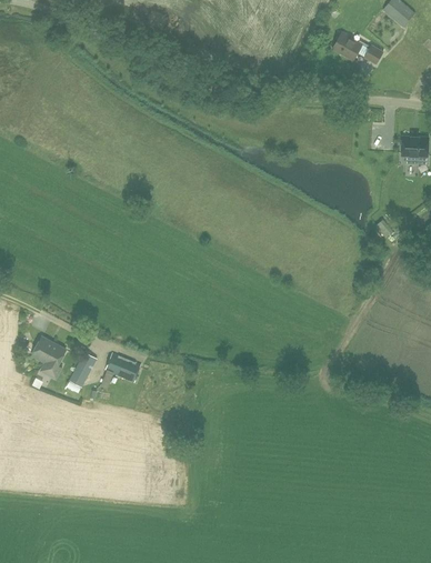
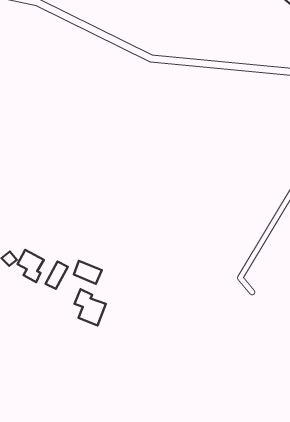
building: [331,32,382,64] -> none
building: none -> [75,289,106,326]

